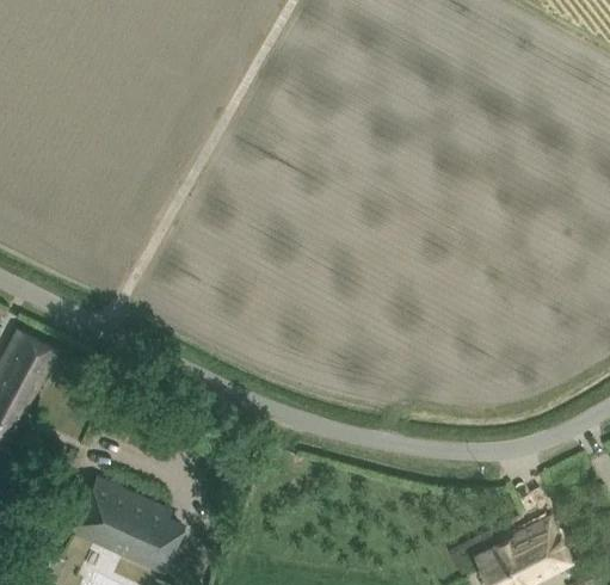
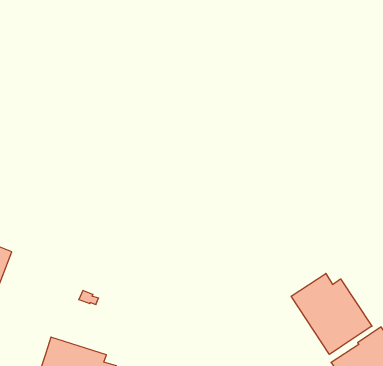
building: none -> [291,273,372,354]

